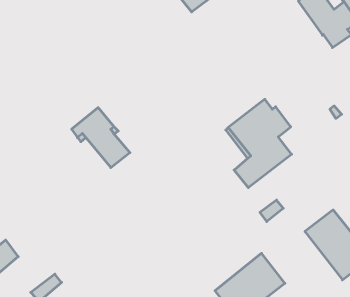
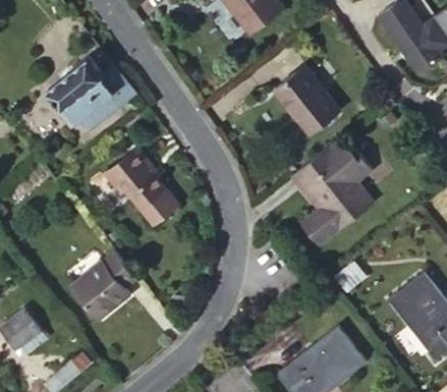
building: none -> [46,57,135,129]
building: none -> [274,69,338,134]
building: none -> [70,249,138,321]

